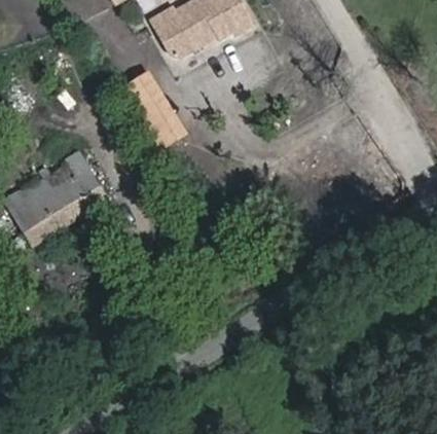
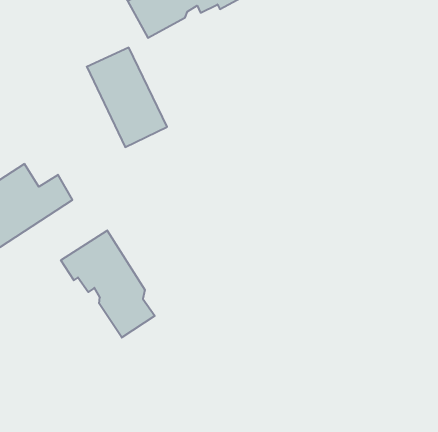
building: none -> [61,230,155,338]

